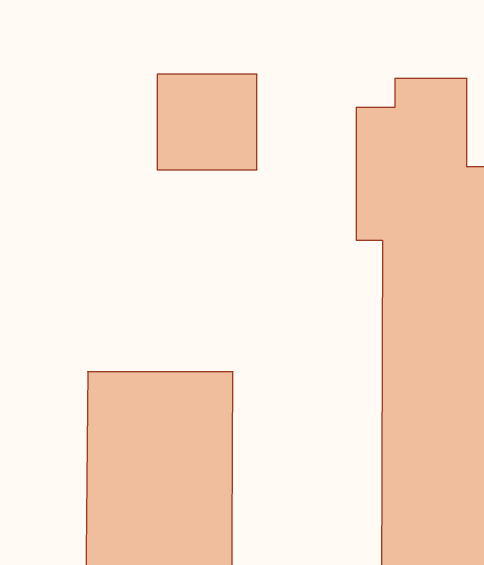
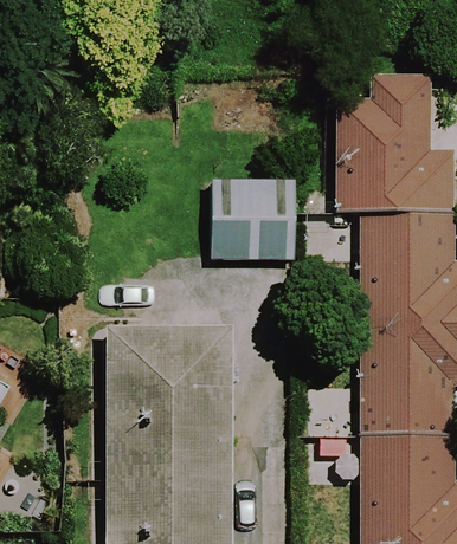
building: [157,74,257,170] -> [210,181,295,263]

